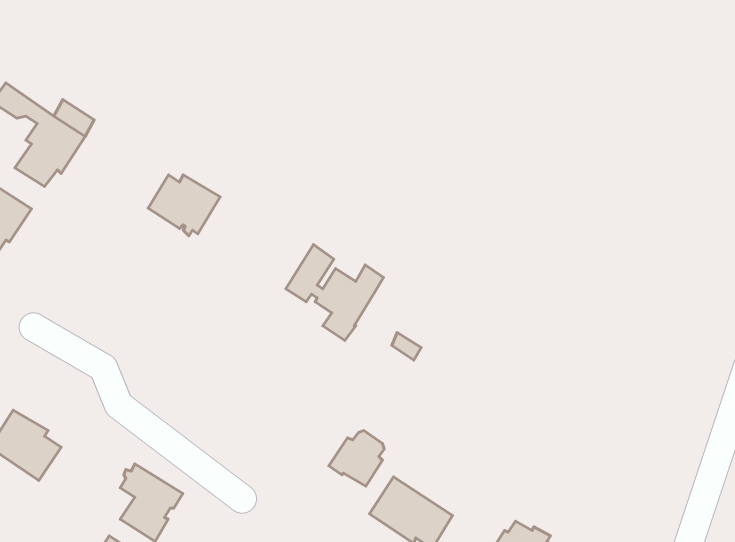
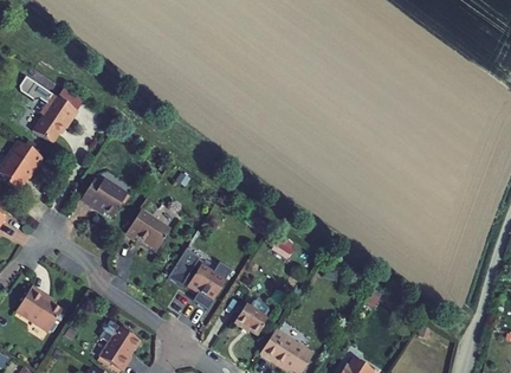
building: [148,175,220,236] -> [80,178,127,217]
building: [286,244,384,341] -> [168,247,231,309]
building: none -> [124,208,170,249]

